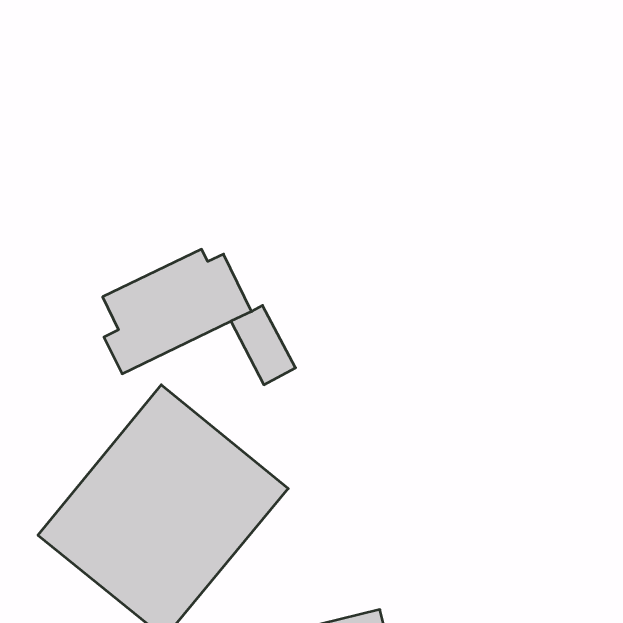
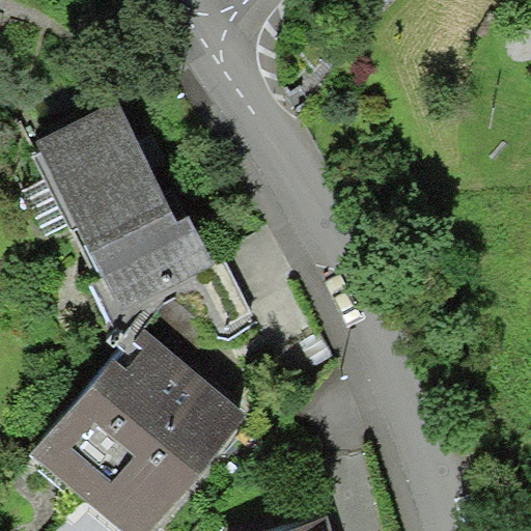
building: none -> [34,102,171,253]

